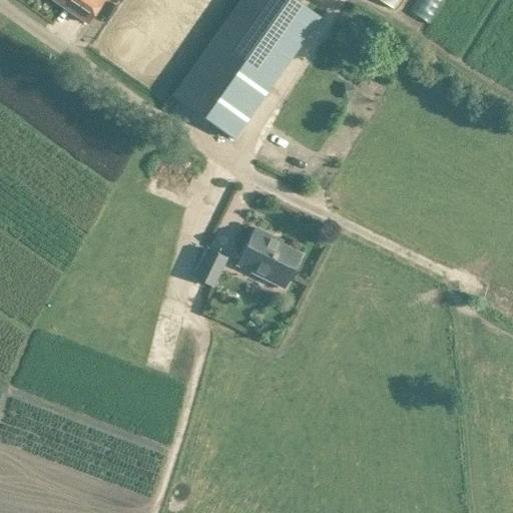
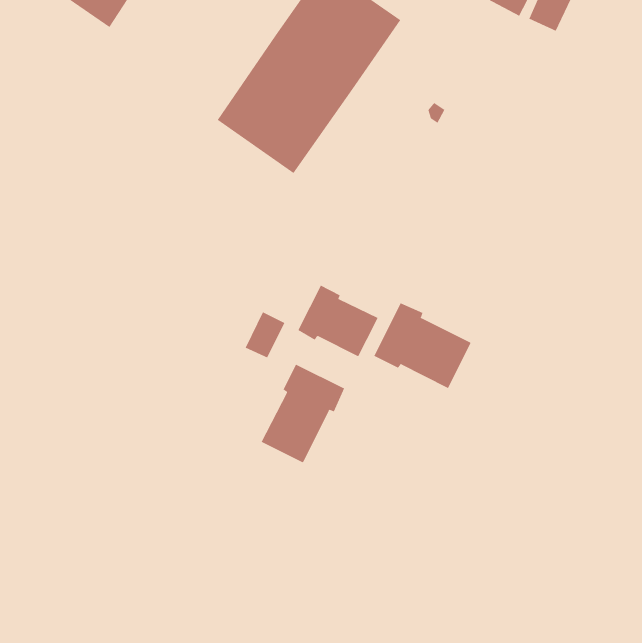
building: none -> [374,303,473,389]
building: none -> [261,364,345,465]

